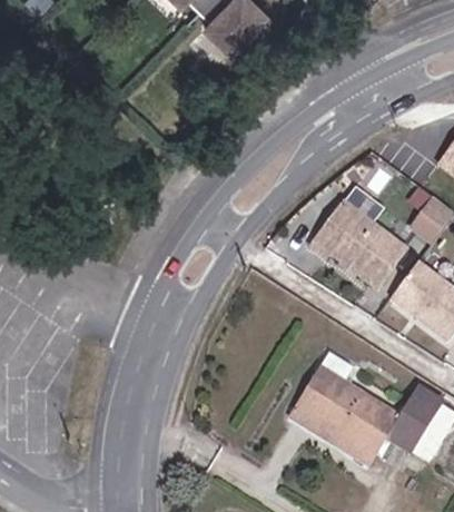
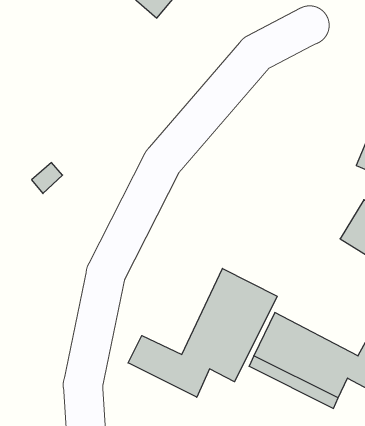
building: [312,199,408,285] -> none
building: none -> [128,268,277,397]

